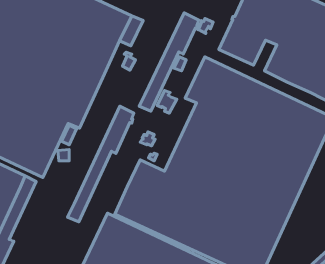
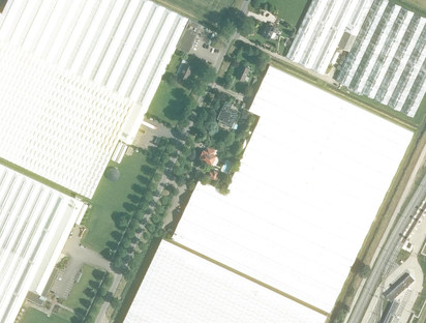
building: [139,13,199,111] -> none
building: [68,106,134,222] -> none

